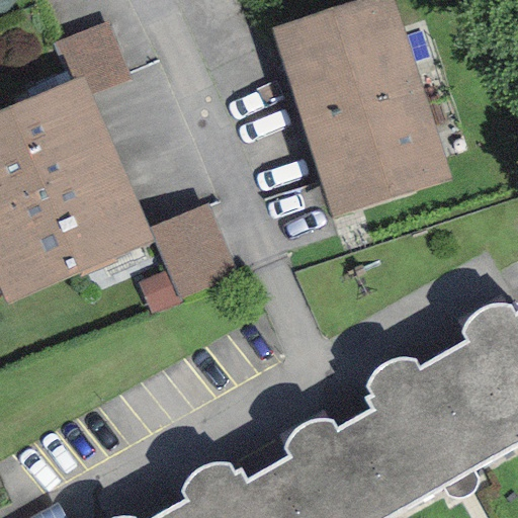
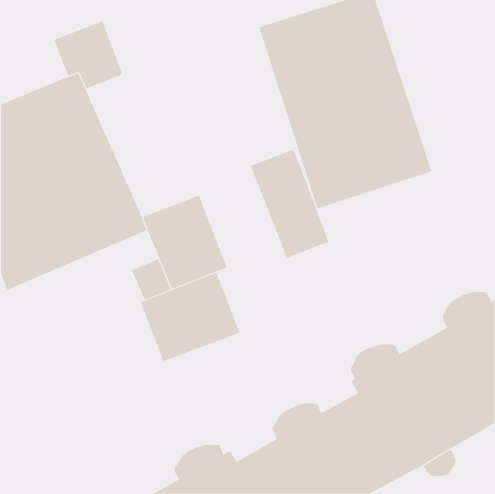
building: none -> [250,149,329,258]
building: none -> [140,272,240,362]

